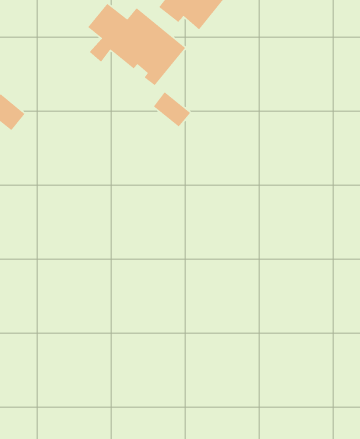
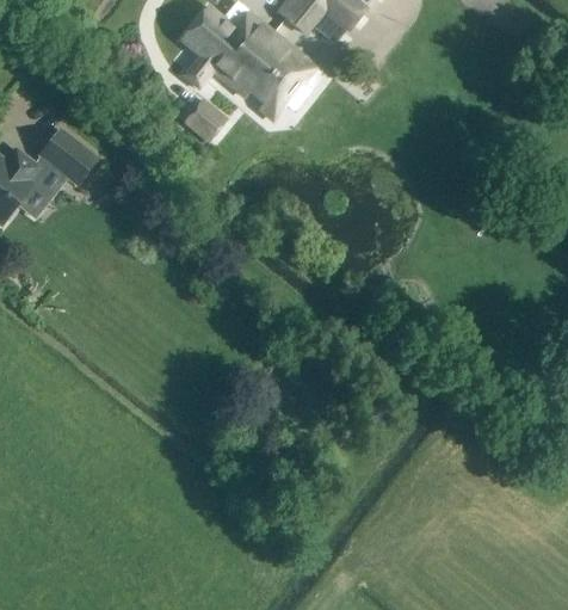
building: none -> [184,97,227,140]
building: [153,91,191,128] -> none

